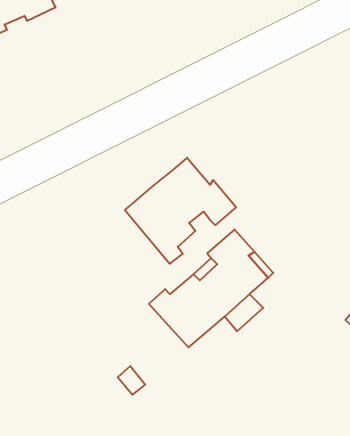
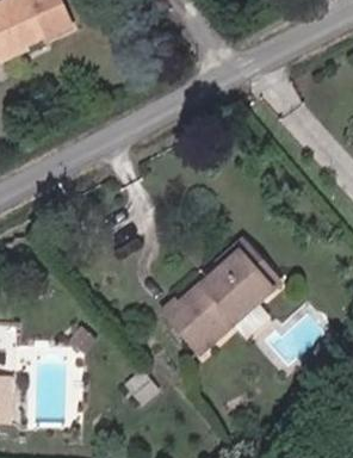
building: [125,158,236,264] -> none

